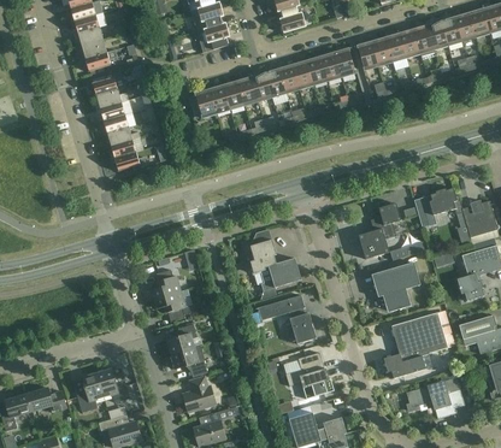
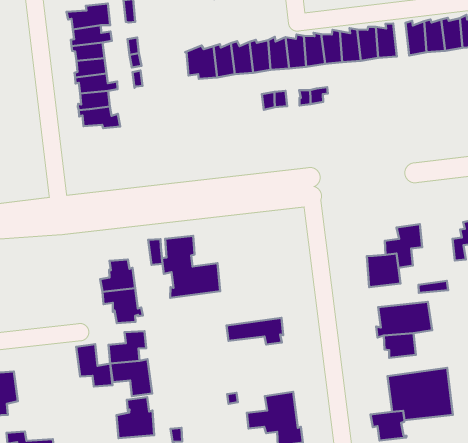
building: [249,238,300,290] -> [162,236,220,298]
building: [287,312,316,342] -> none
building: [95,367,129,401] -> [76,344,112,387]

